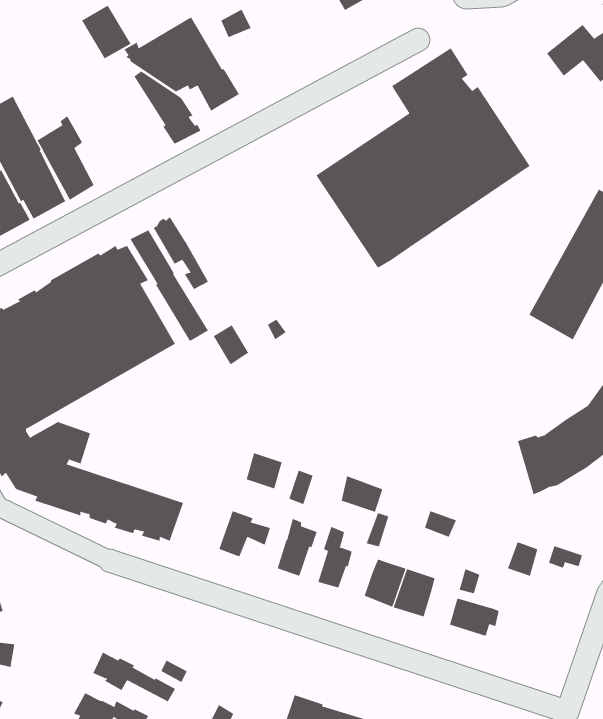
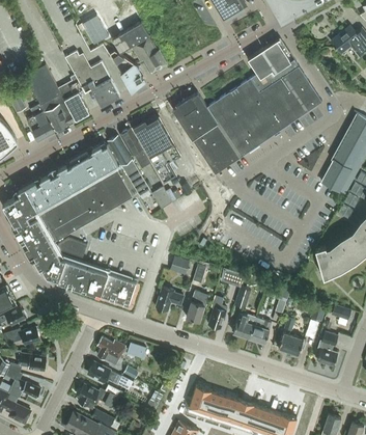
building: none -> [65,51,120,106]
building: none -> [172,92,241,174]
building: none -> [133,117,180,183]
building: none -> [317,331,338,366]
building: none -> [97,337,146,365]

